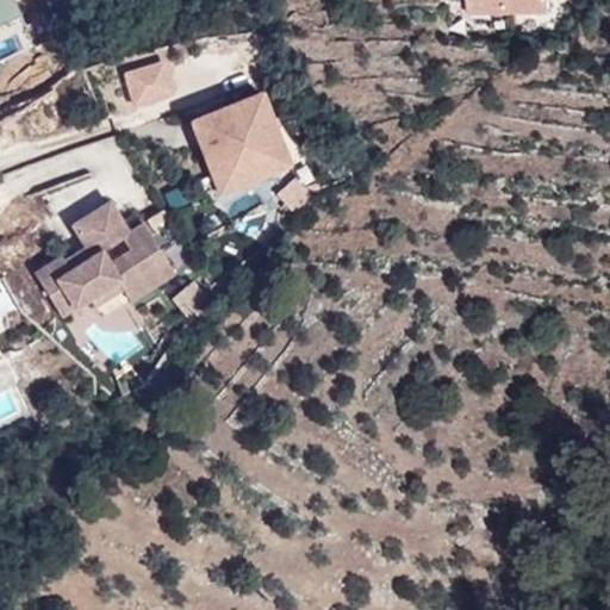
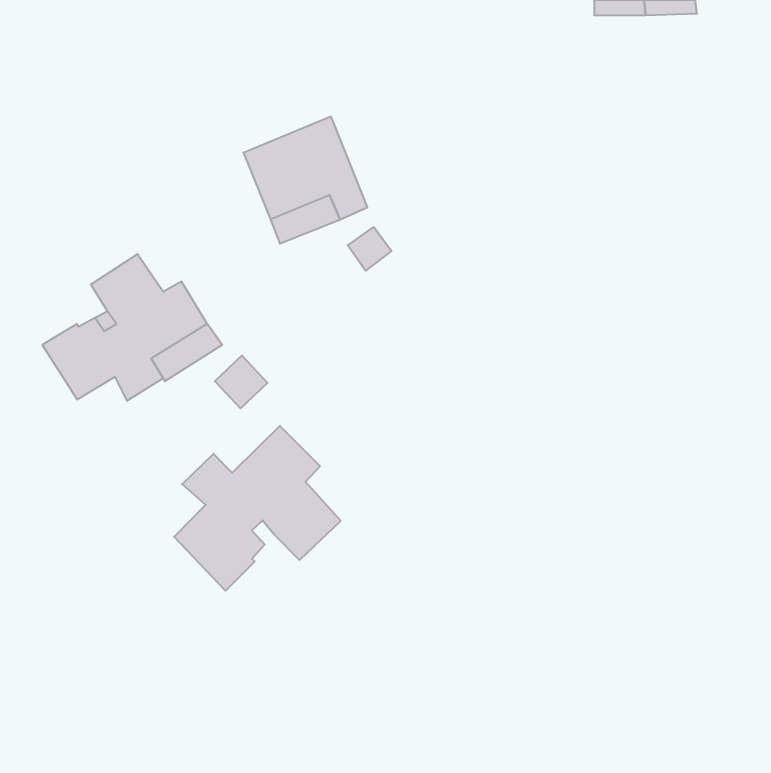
building: [126,58,174,105] -> none
building: none -> [174,426,341,591]

